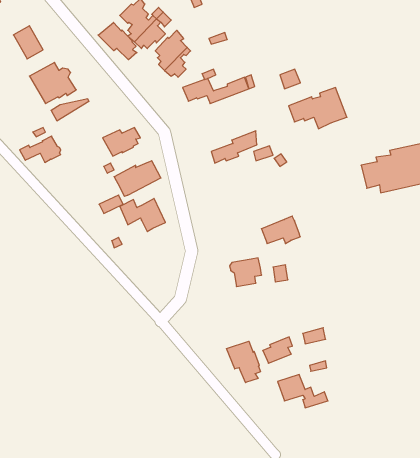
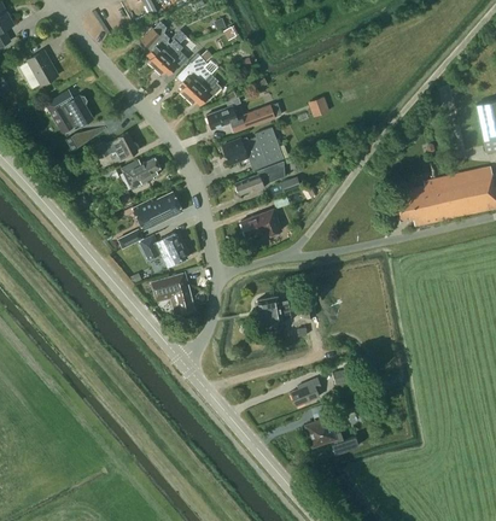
building: [98,22,137,60] -> none
building: [289,88,347,129] -> [222,127,284,170]
building: [20,136,61,162] -> [94,131,138,159]
building: [261,216,300,244] -> [240,207,281,236]
building: none -> [152,273,193,314]
building: [226,341,261,383] -> none

